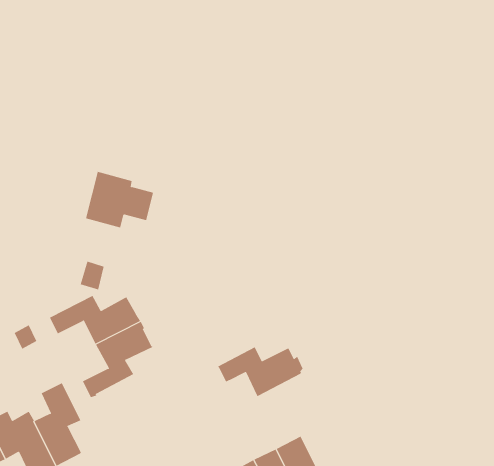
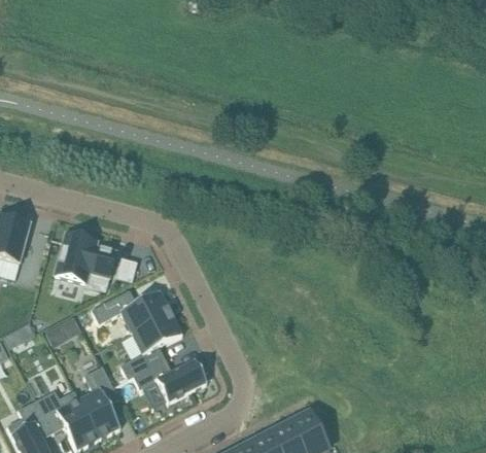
building: [85,171,154,228] -> [55,232,114,281]
building: [217,347,304,397] -> [132,358,207,403]

